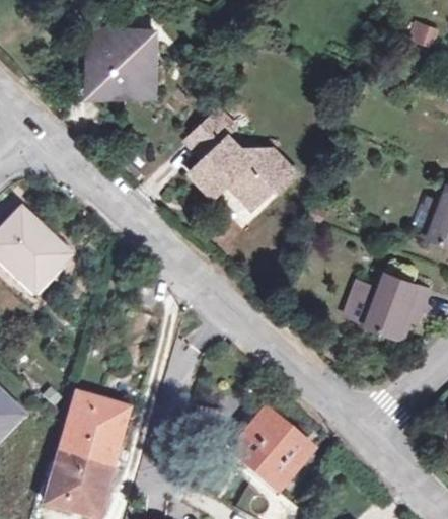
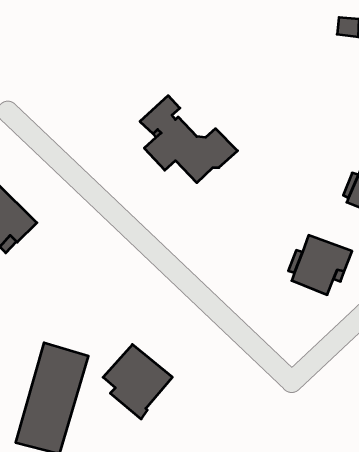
building: [88,30,156,97] -> none
building: [233,412,312,497] -> [103,344,172,419]

